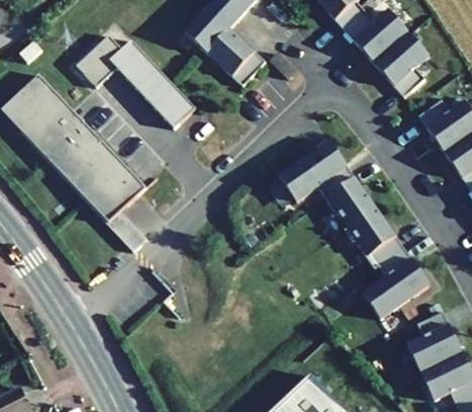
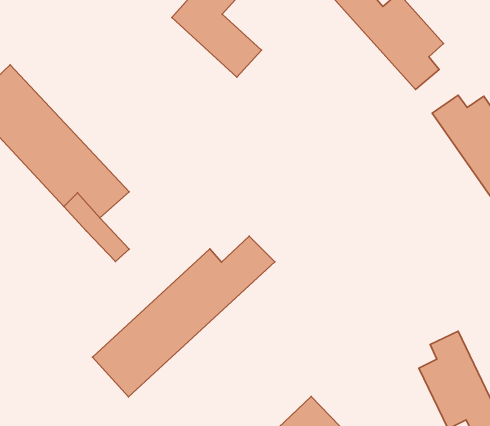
building: [76,32,195,127] -> none
building: [278,142,429,320] -> none
building: none -> [92,236,275,397]

